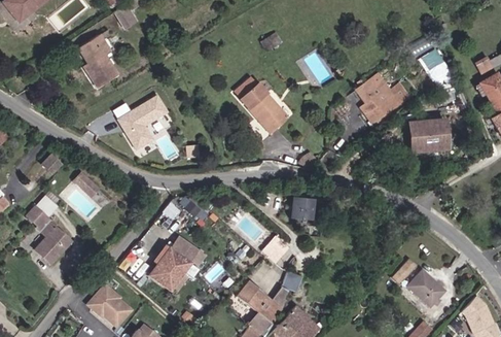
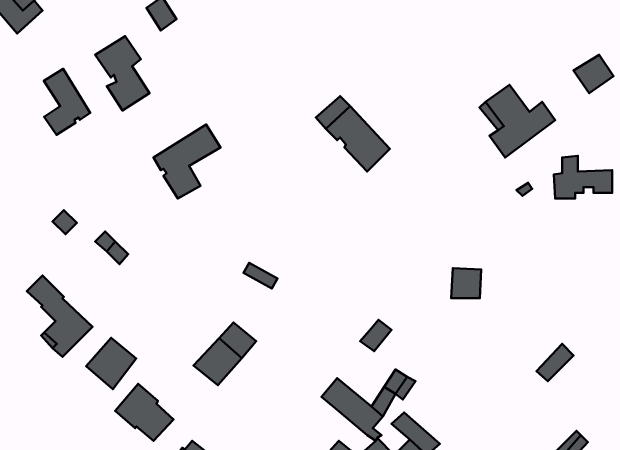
building: none -> [44,69,90,135]
building: [288,196,310,217] -> [451,268,481,298]
building: none -> [86,338,136,389]
building: [409,270,444,305] -> none

